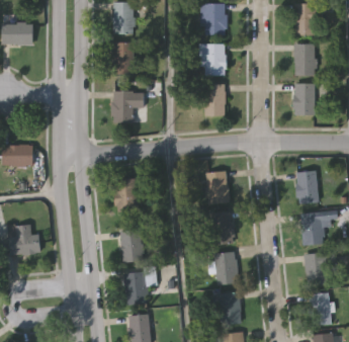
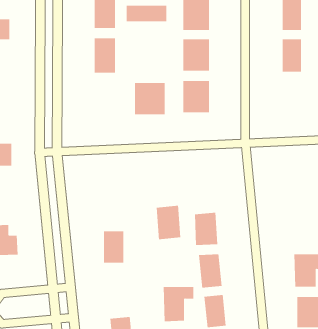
building: none -> [126,5,167,22]
building: [293,84,314,114] -> none
building: [111,91,142,122] -> [134,82,166,115]
building: [204,171,229,204] -> [156,205,181,240]
building: [296,171,317,202] -> none
building: [113,178,137,211] -> none
building: [300,213,323,244] -> none
building: [124,270,155,305] -> [163,286,194,322]

